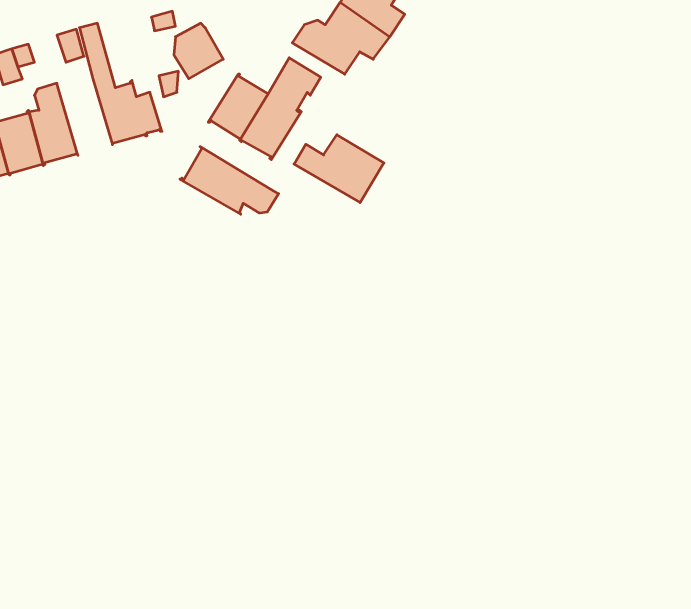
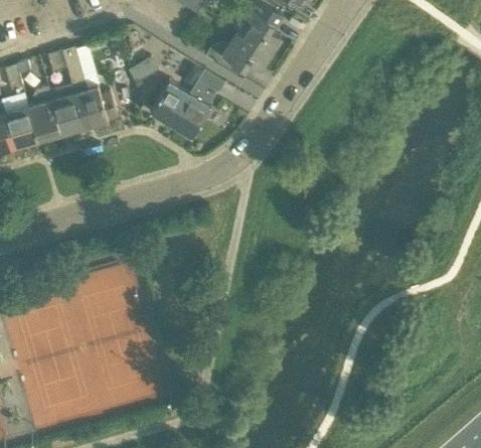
building: none -> [48,85,85,136]
building: [294,135,384,203] -> none
building: [180,147,279,214] -> none

